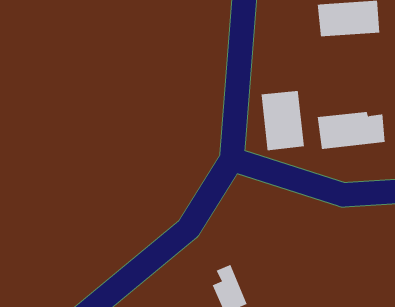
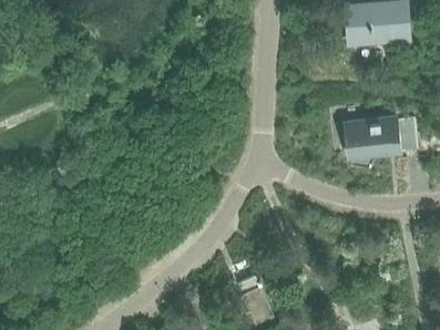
building: [261,90,305,151] -> none

